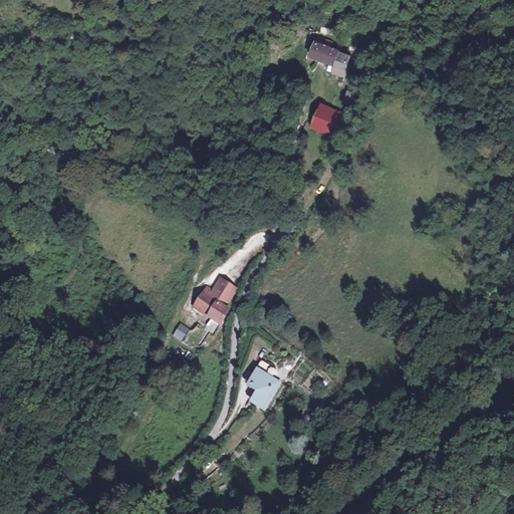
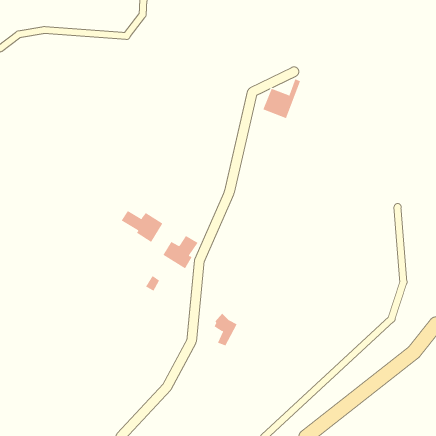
building: [312,42,348,80] -> none
building: none -> [121,210,163,243]

